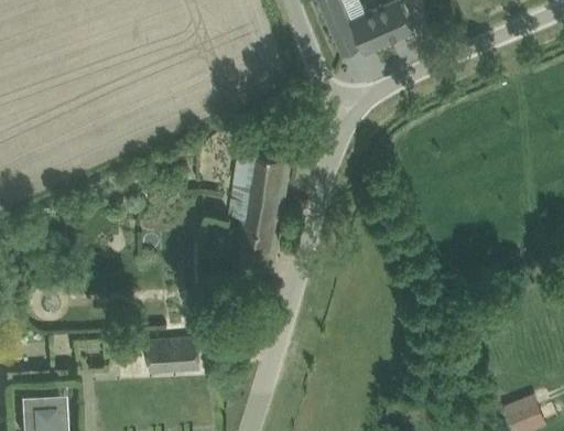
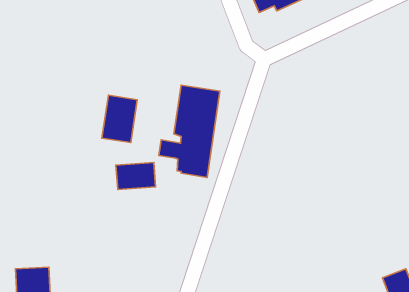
building: none -> [102,95,137,143]
building: [148,338,199,374] -> [116,163,155,189]

